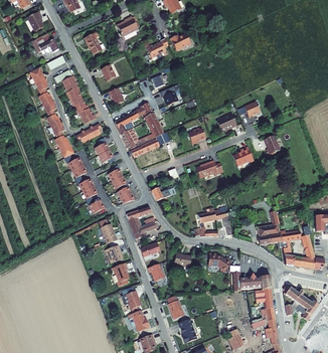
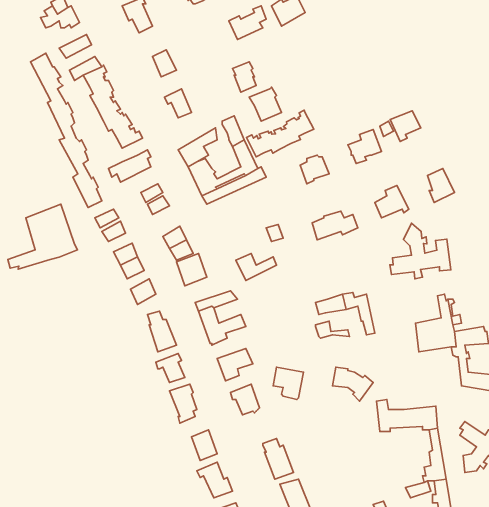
building: none -> [247,110,314,157]
building: none -> [8,204,78,269]
building: none -> [390,223,451,279]

